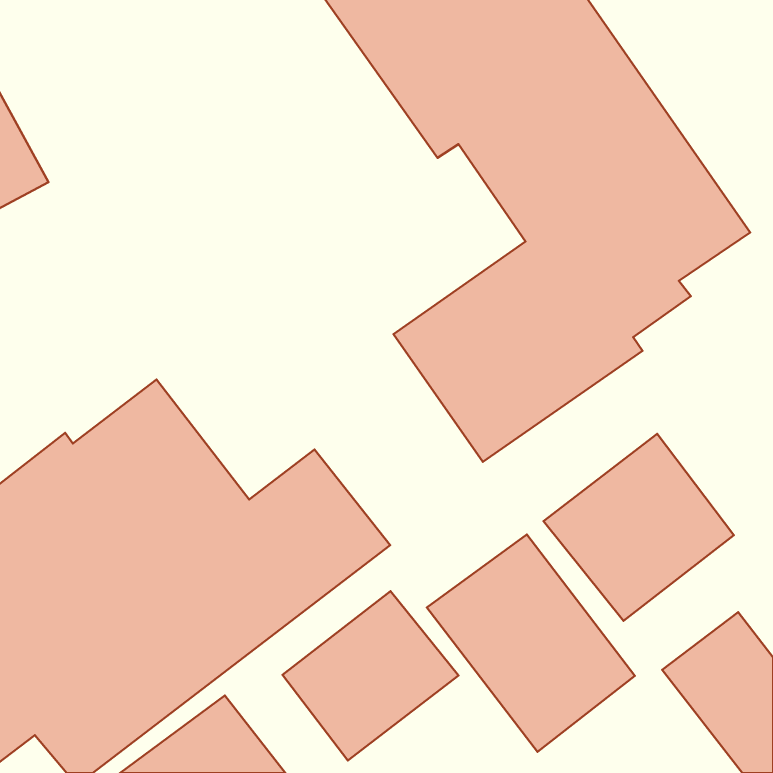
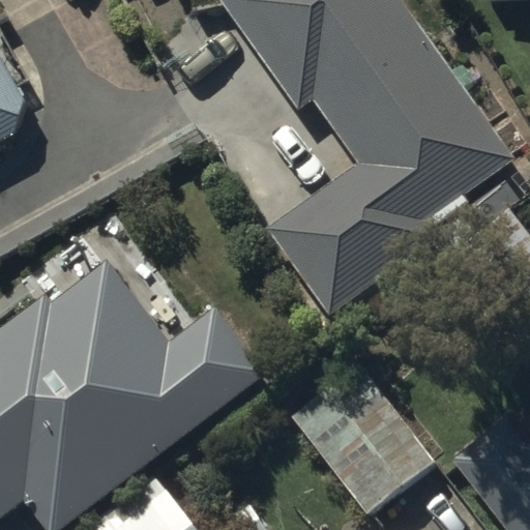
building: [543,434,734,621] -> none
building: [283,591,458,761] -> none

